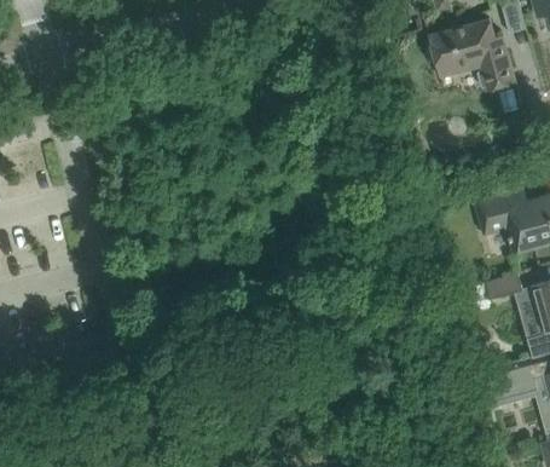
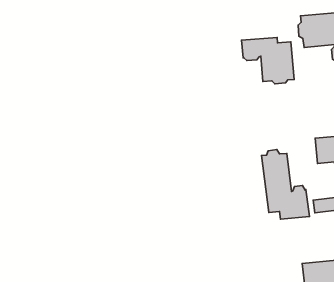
building: none -> [241,38,294,84]
building: none -> [261,150,309,219]

